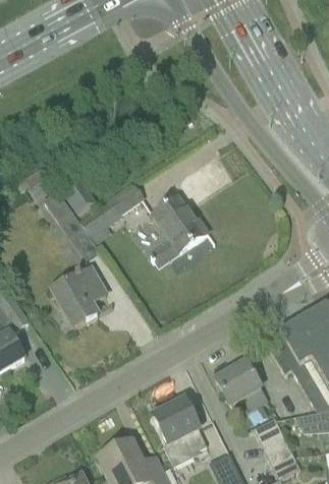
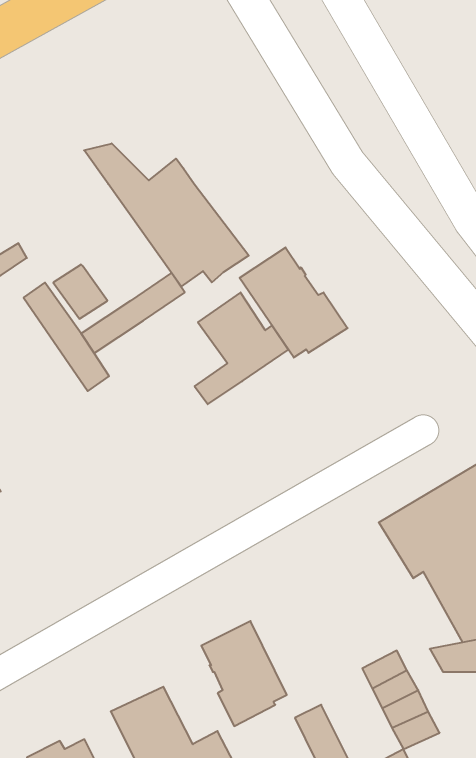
building: none -> [84,143,249,286]
building: none -> [240,247,348,358]
building: [51,266,106,327] -> none
building: [215,360,268,416] -> none

